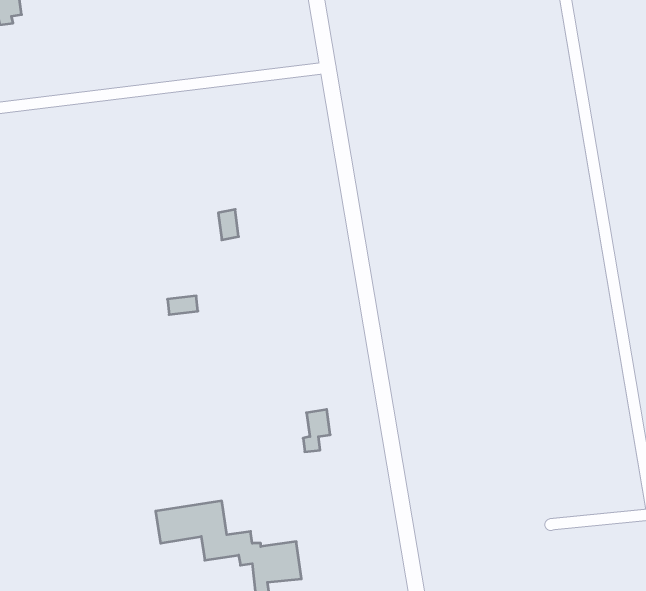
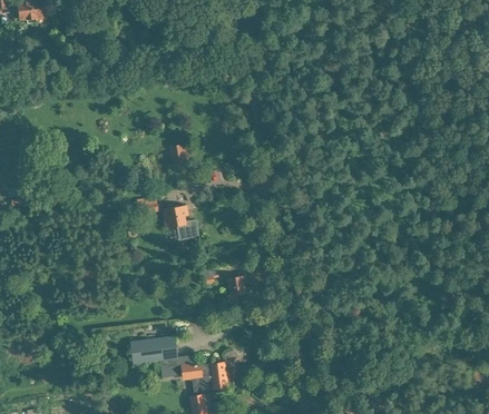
building: none -> [163,205,198,239]

